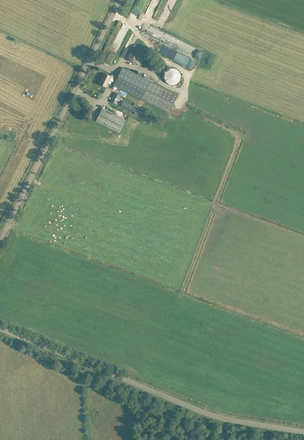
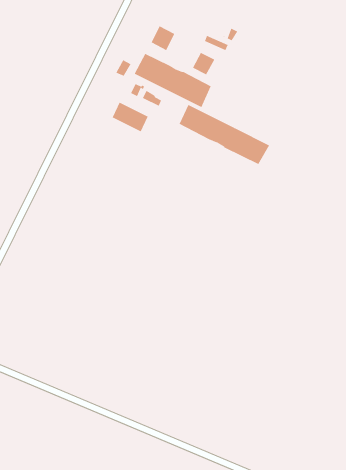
building: none -> [179,104,270,165]

